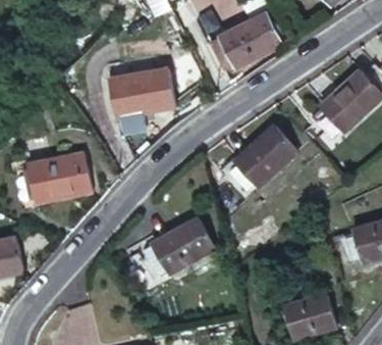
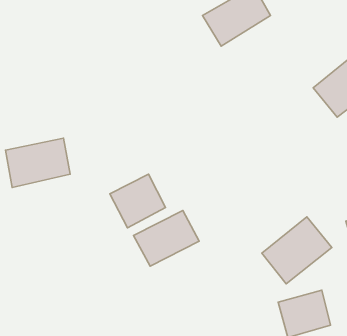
building: [113,70,173,117] -> none
building: [231,128,296,190] -> [262,217,332,284]
building: none -> [110,174,166,228]

